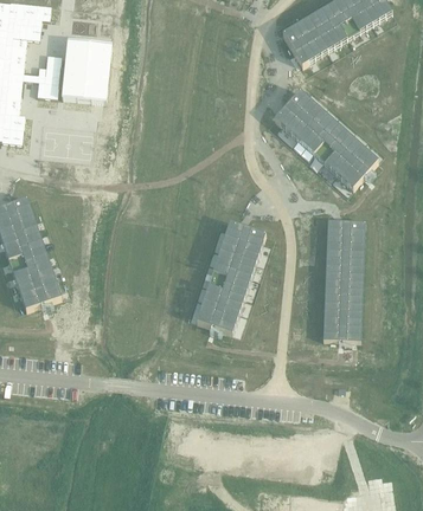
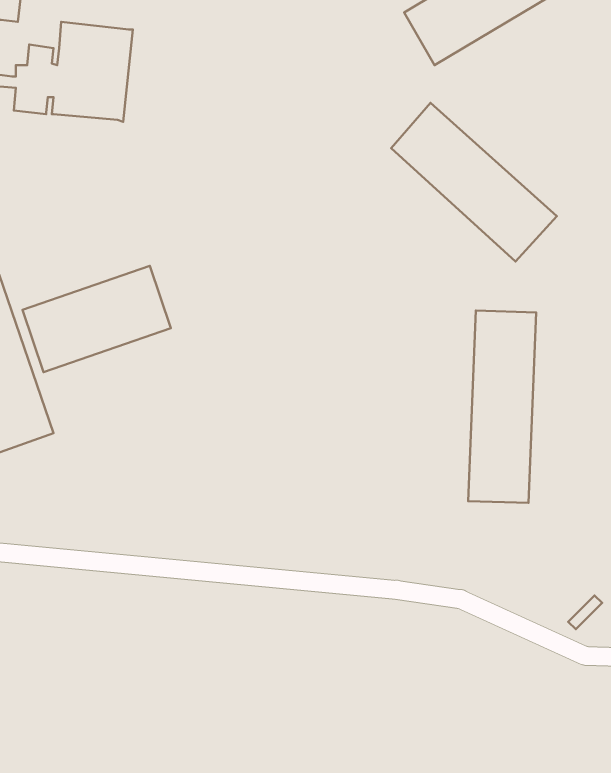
building: none -> [23,266,171,372]
building: [196,220,265,332] -> none

